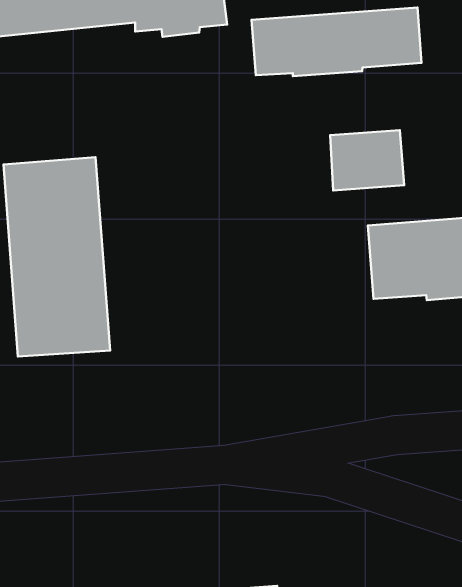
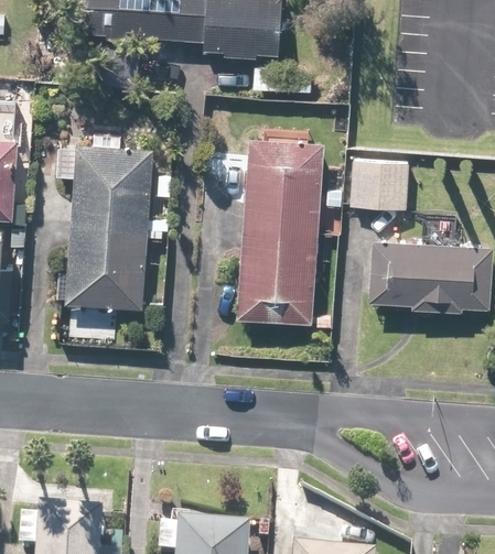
building: [252,7,422,76] -> none
building: none -> [235,135,325,325]

